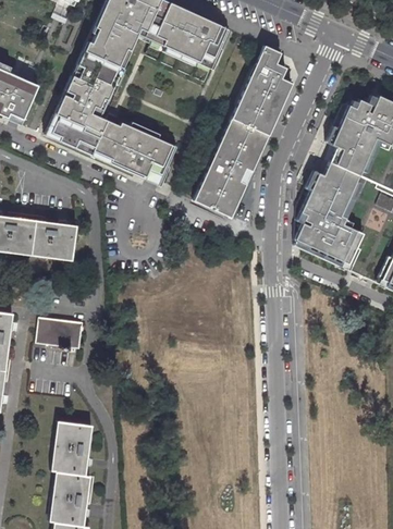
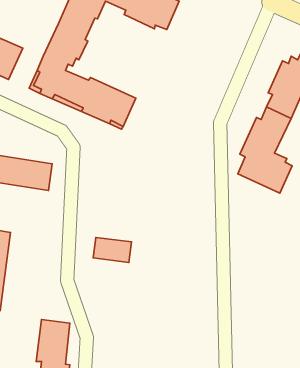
building: [193,46,292,219] -> none
building: [37,317,84,347] -> [93,238,131,262]

